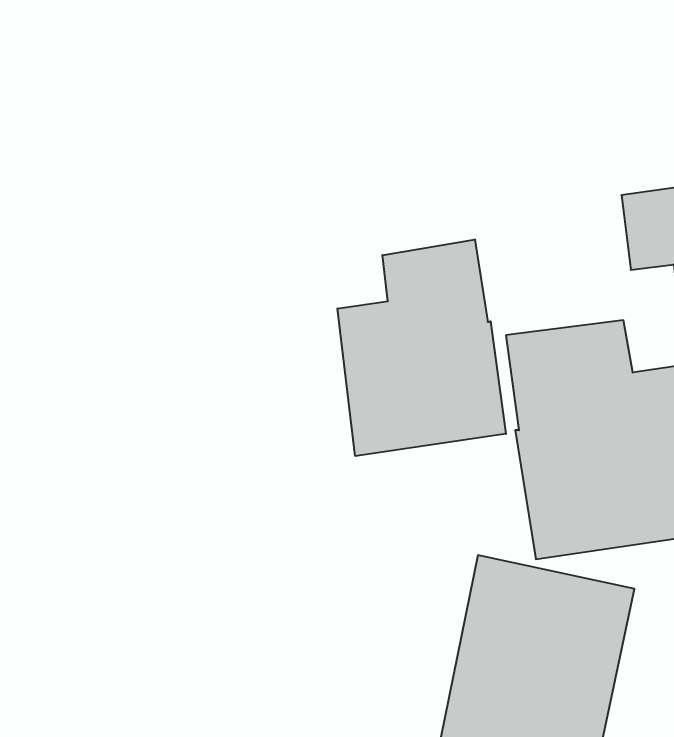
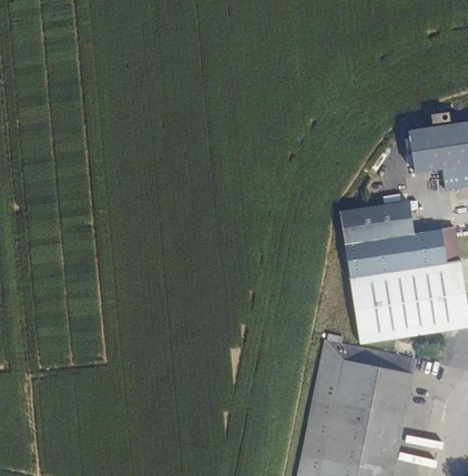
building: [338,239,506,456] -> none

